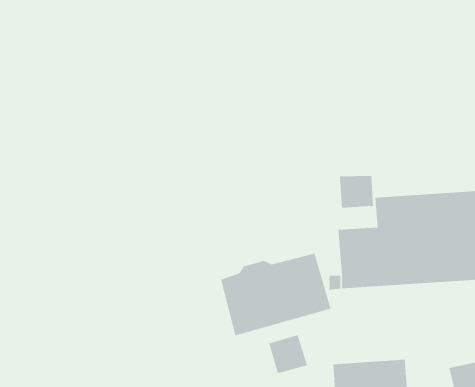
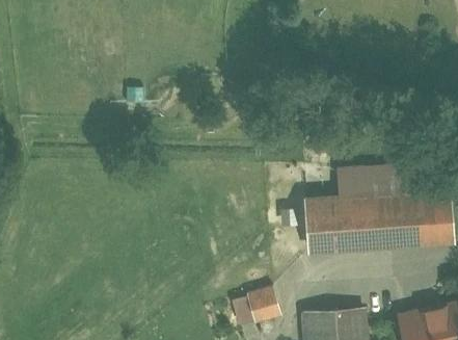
building: [339,175,373,209] -> none
building: [220,253,331,336] -> none

